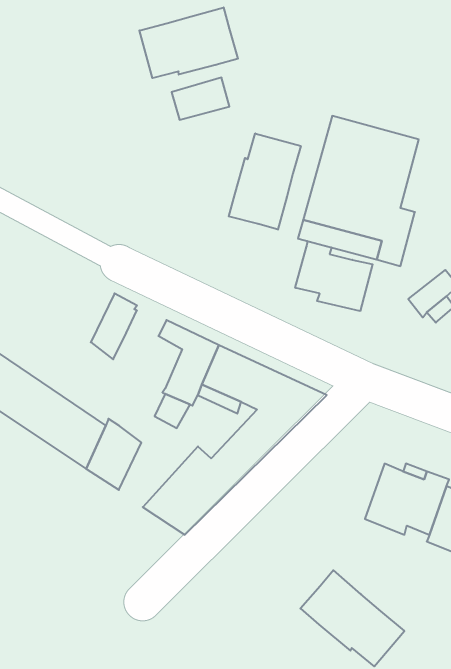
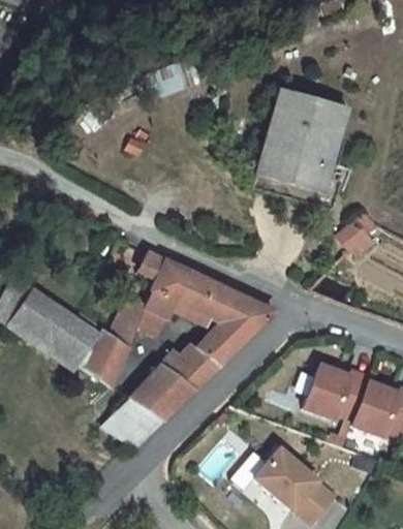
building: [139,7,238,78] -> none
building: [229,133,301,230] -> none
building: [295,241,373,311] -> none
building: [91,293,137,359] -> [112,295,148,347]
building: none -> [105,398,163,446]

